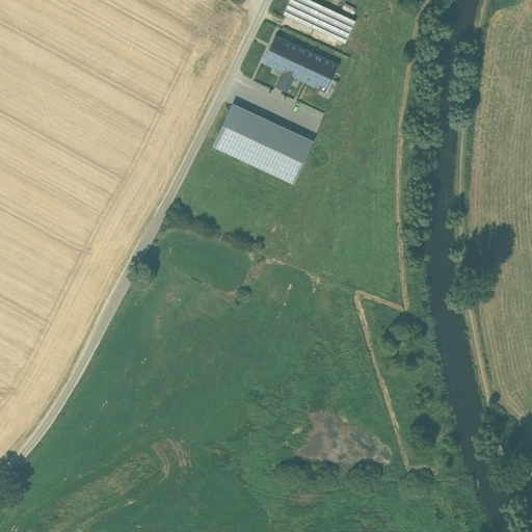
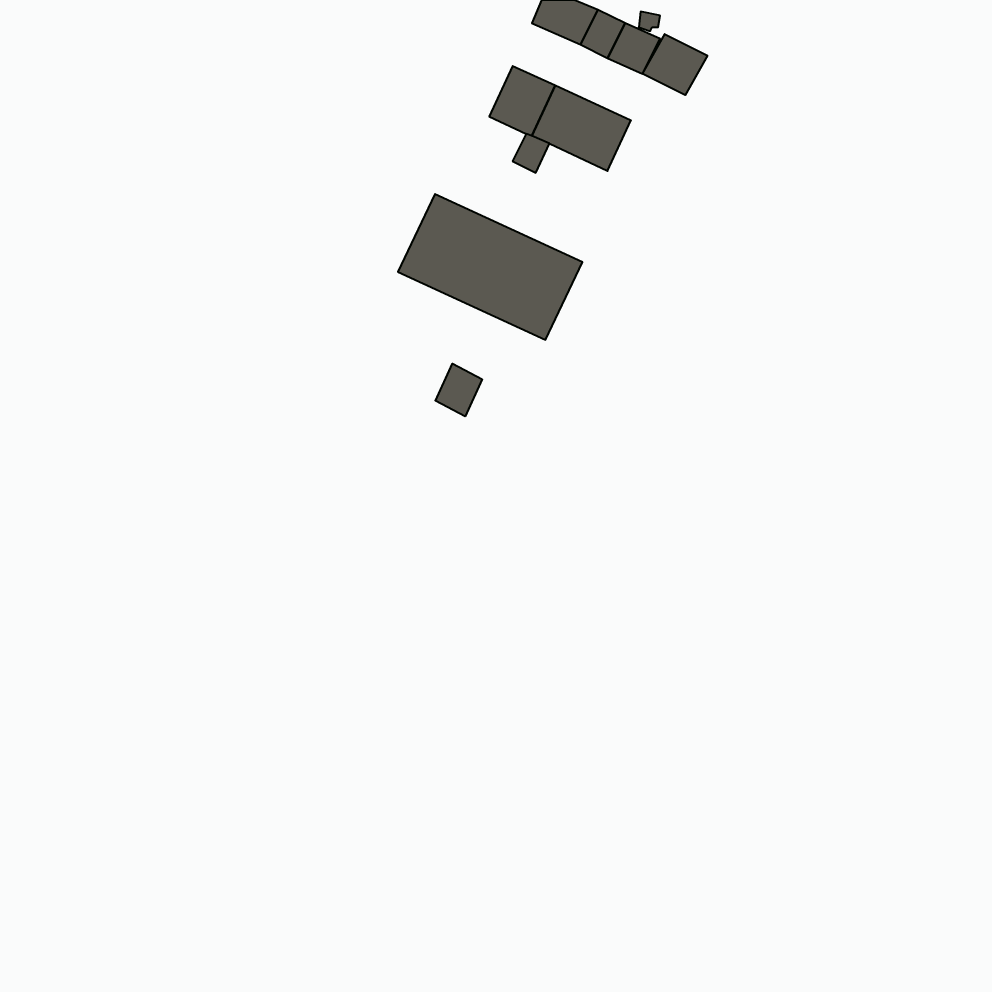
building: none -> [643,34,707,95]
building: none -> [435,364,482,416]

